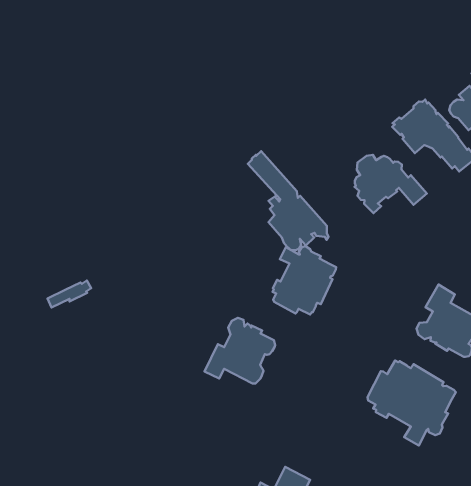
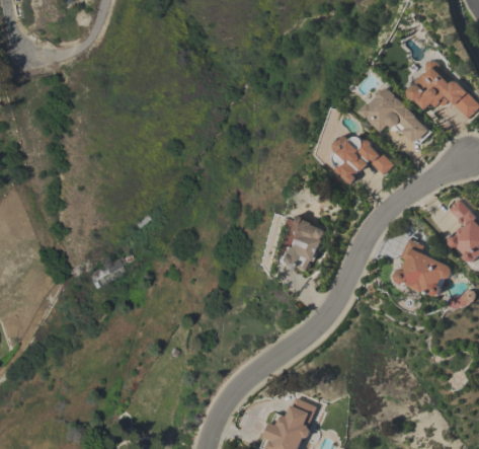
building: [248,151,329,250] -> none
building: [204,318,275,383] -> none
building: [368,361,456,446] -> none

